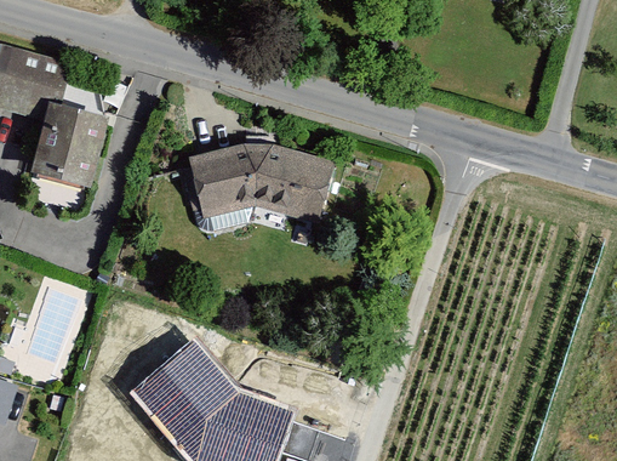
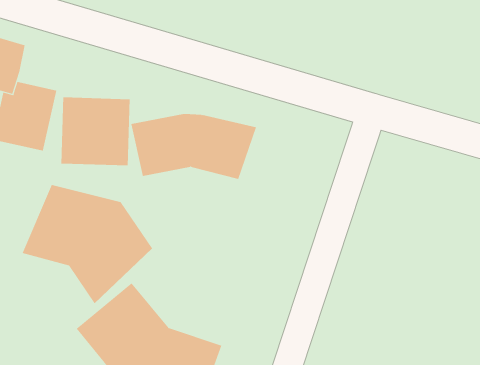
building: none -> [61,97,130,166]
building: none -> [22,184,153,304]

